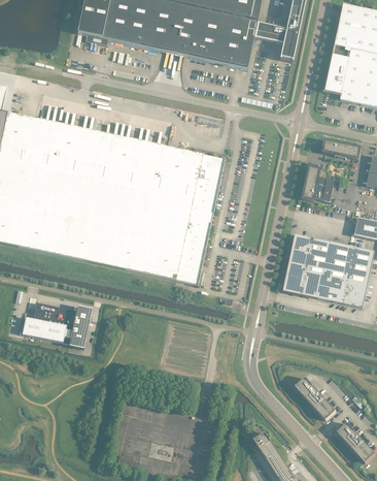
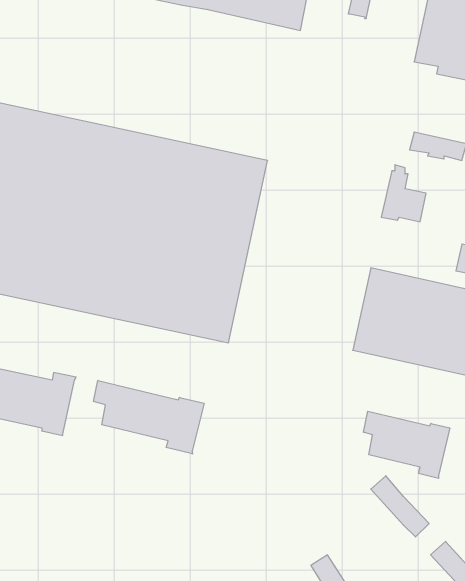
building: none -> [94,380,204,454]
building: none -> [363,411,450,478]

